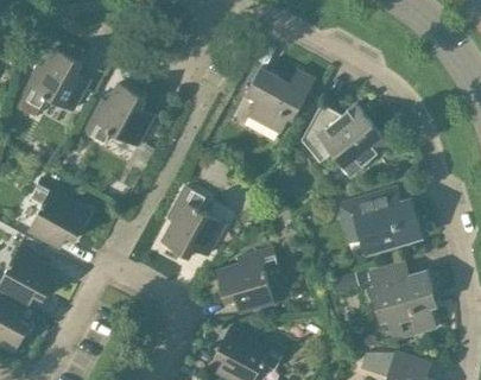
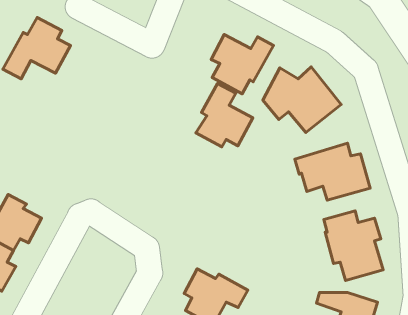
building: [83,84,153,147] -> none
building: [27,179,89,249] -> none
building: [160,188,223,258] -> [196,84,253,147]
building: [216,249,278,314] -> none

